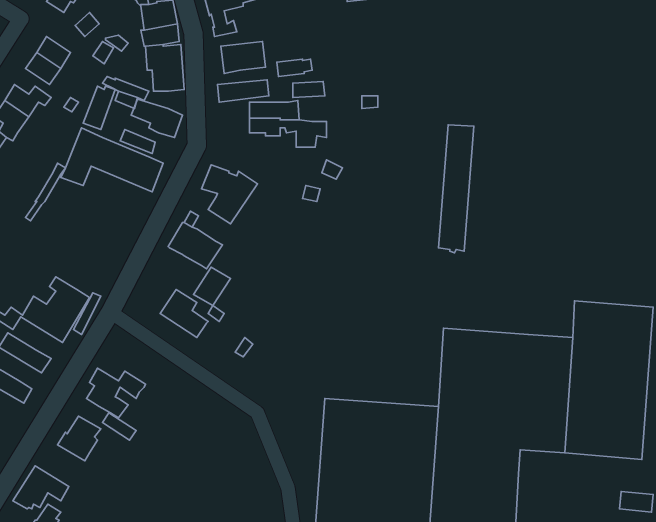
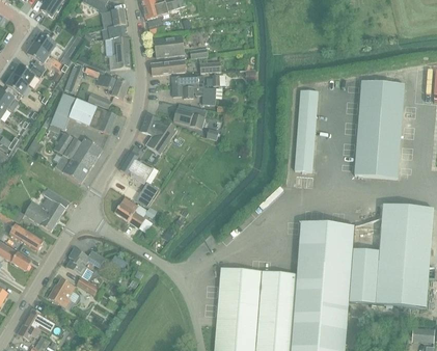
building: none -> [354,79,403,177]
building: none -> [173,105,215,127]
building: none -> [54,132,102,182]

